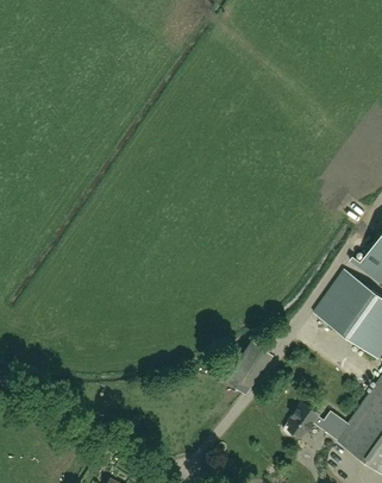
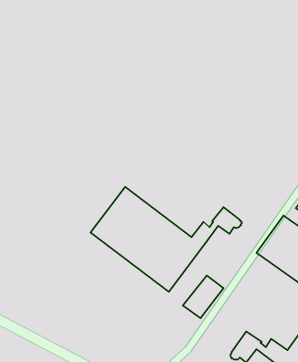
building: none -> [91,187,242,292]

